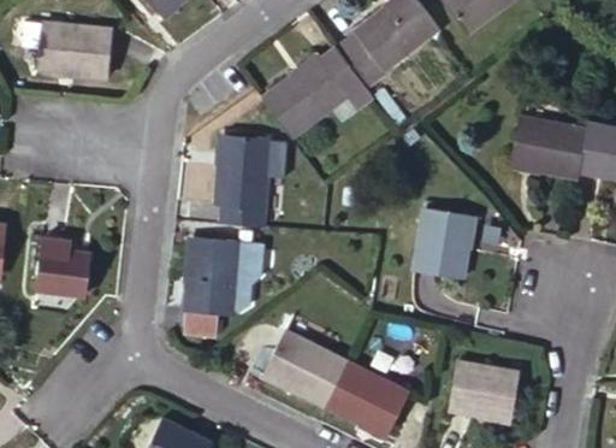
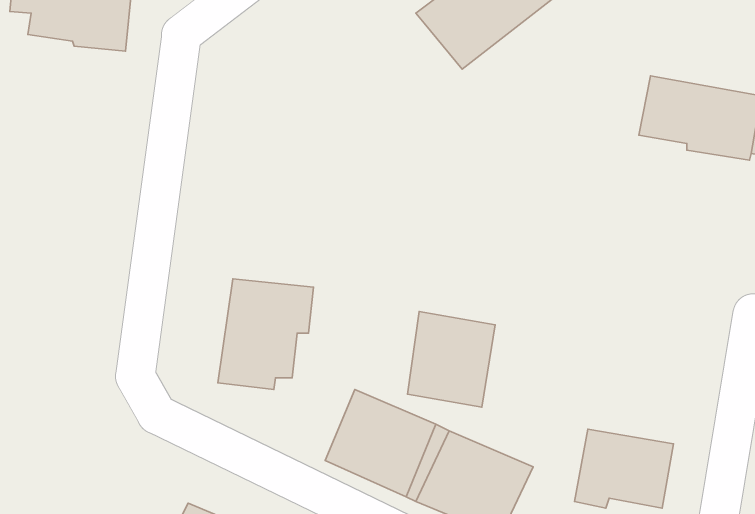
building: [255,61,371,155] -> none
building: [205,146,278,232] -> none
building: [410,200,474,270] -> [408,311,495,407]
building: [48,241,102,295] -> none

